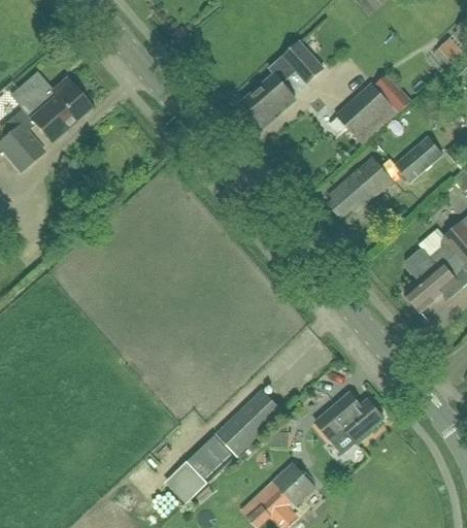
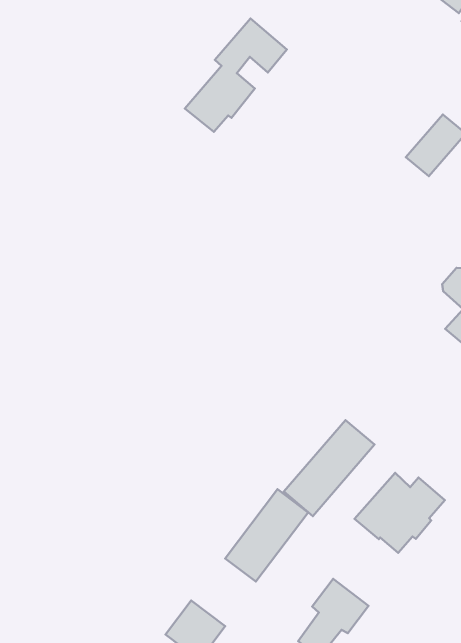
building: [336,72,411,143] -> none
building: [329,156,394,217] -> none
building: none -> [284,420,374,516]
building: [188,436,231,480] -> none

